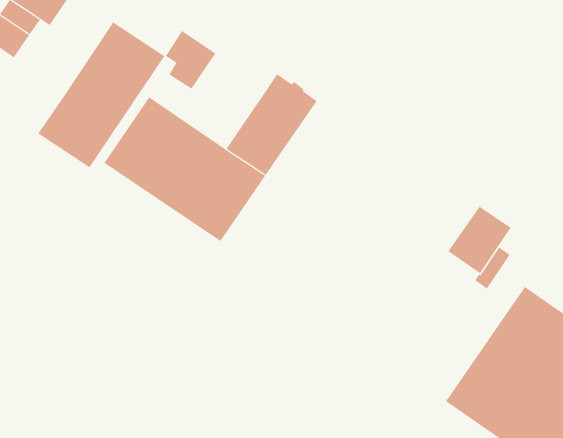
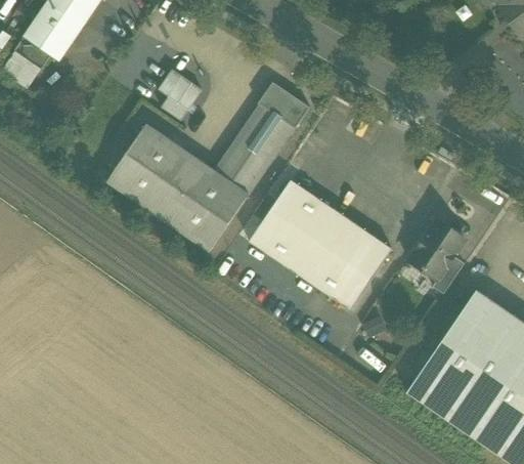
building: [37,22,165,168] -> none
building: none -> [258,81,310,127]
building: none -> [250,179,393,309]

